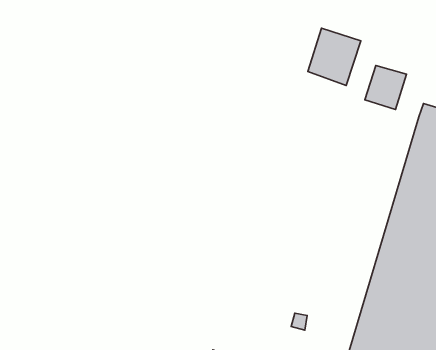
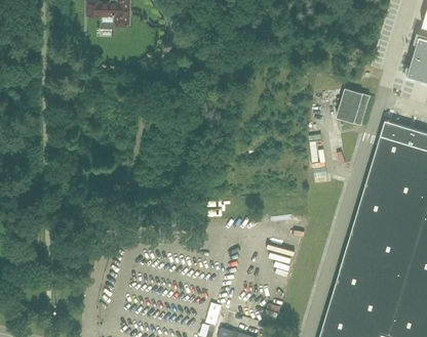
building: [308,28,361,85] -> none

